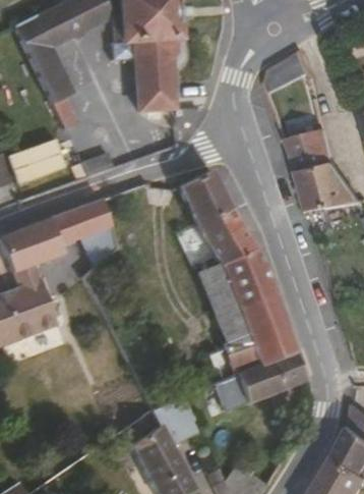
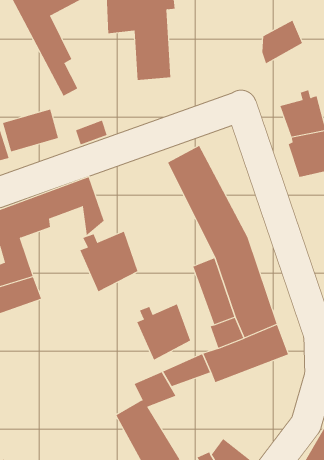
building: none -> [80,231,138,292]
building: none -> [136,304,191,360]

